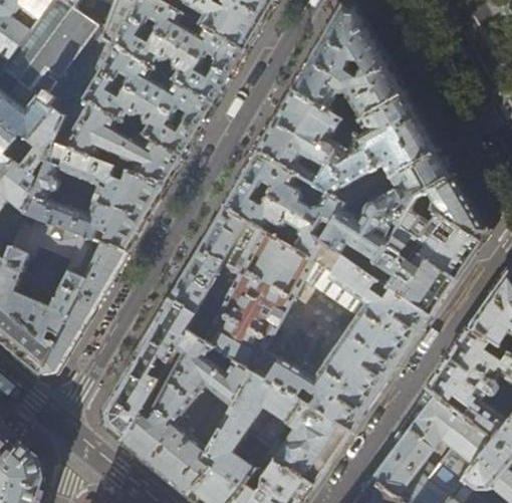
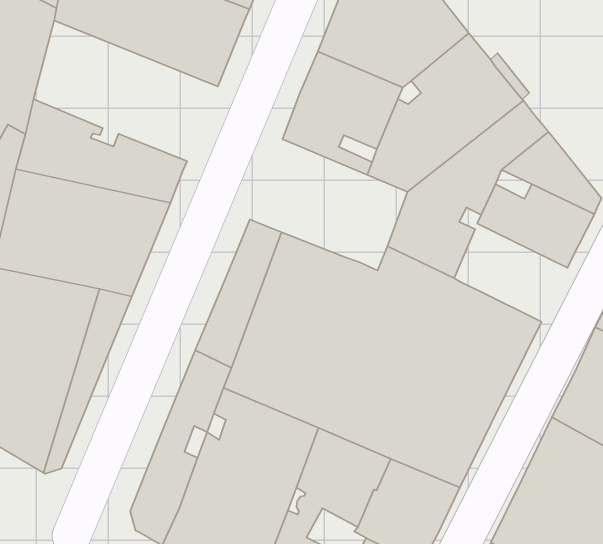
building: [74,39,213,159] -> none
building: [222,153,342,261] -> none
building: [367,237,453,317] -> none

